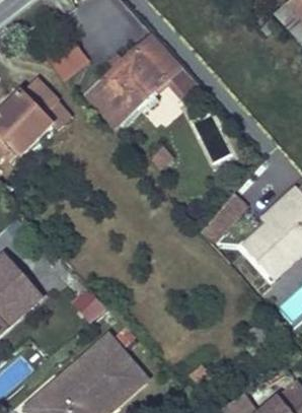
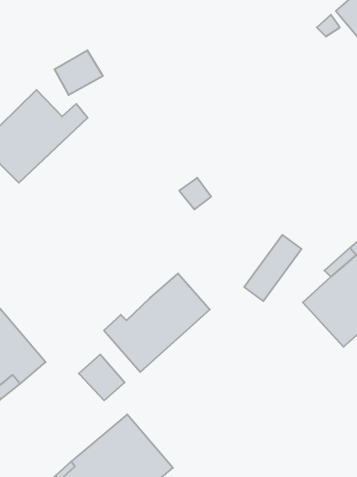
building: [85,35,178,124] -> none
building: none -> [104,273,210,372]

